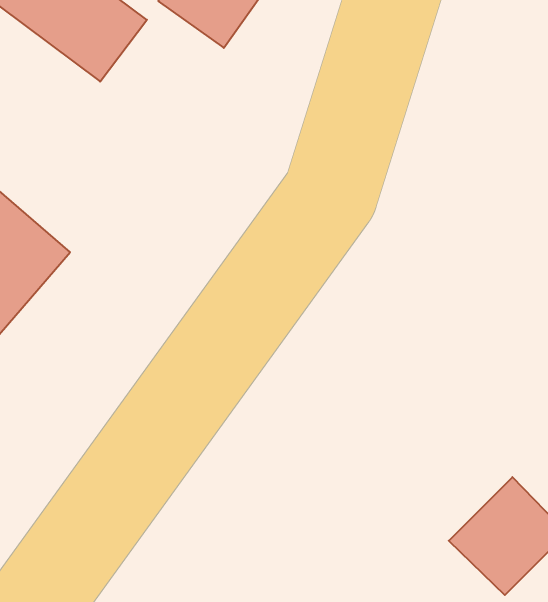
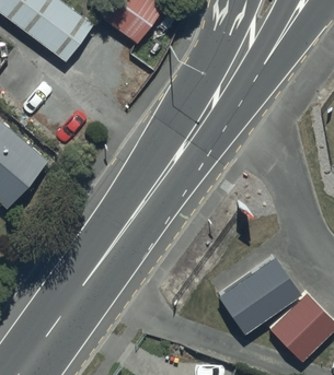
building: none -> [218,258,301,335]

